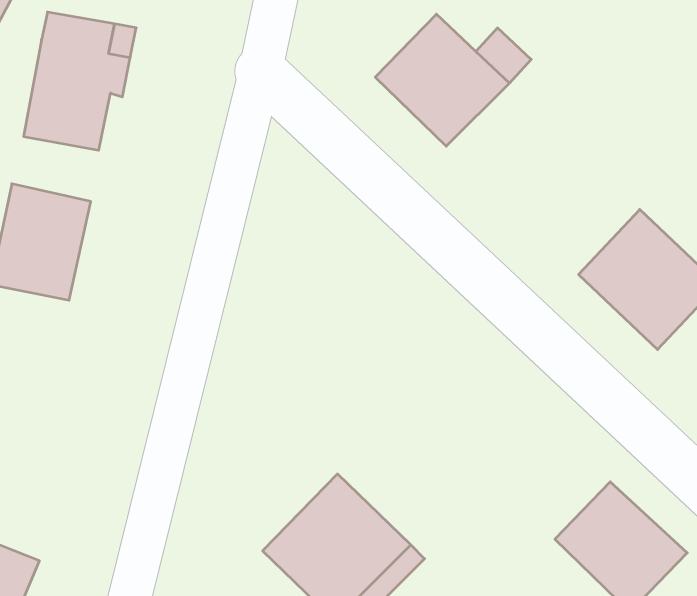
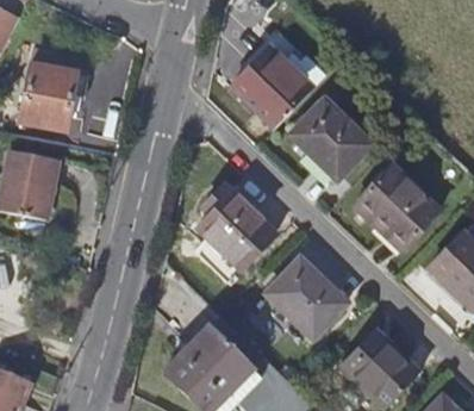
building: none -> [289,99,370,178]
building: none -> [195,185,274,268]
building: none -> [266,257,345,337]

